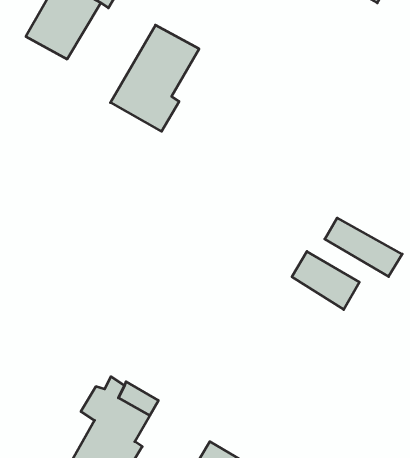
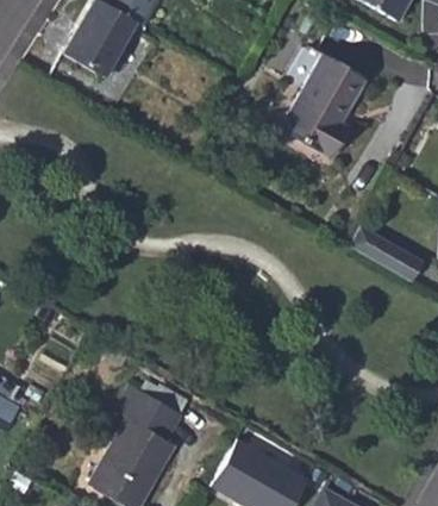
building: [110,25,199,131] -> [282,54,367,155]
building: [292,251,359,310] -> none

